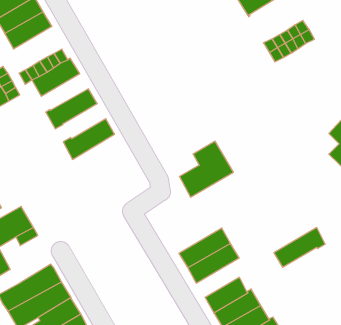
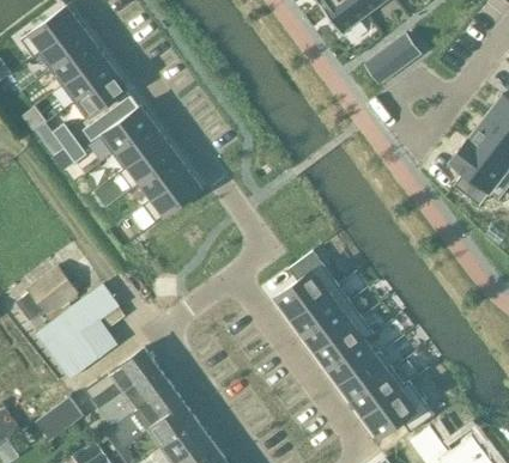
building: none -> [72,72,126,120]
building: none -> [110,123,164,170]
building: none -> [139,156,188,200]
building: [179,141,233,197] -> [274,251,337,319]
building: [274,228,325,267] -> [314,317,372,367]

